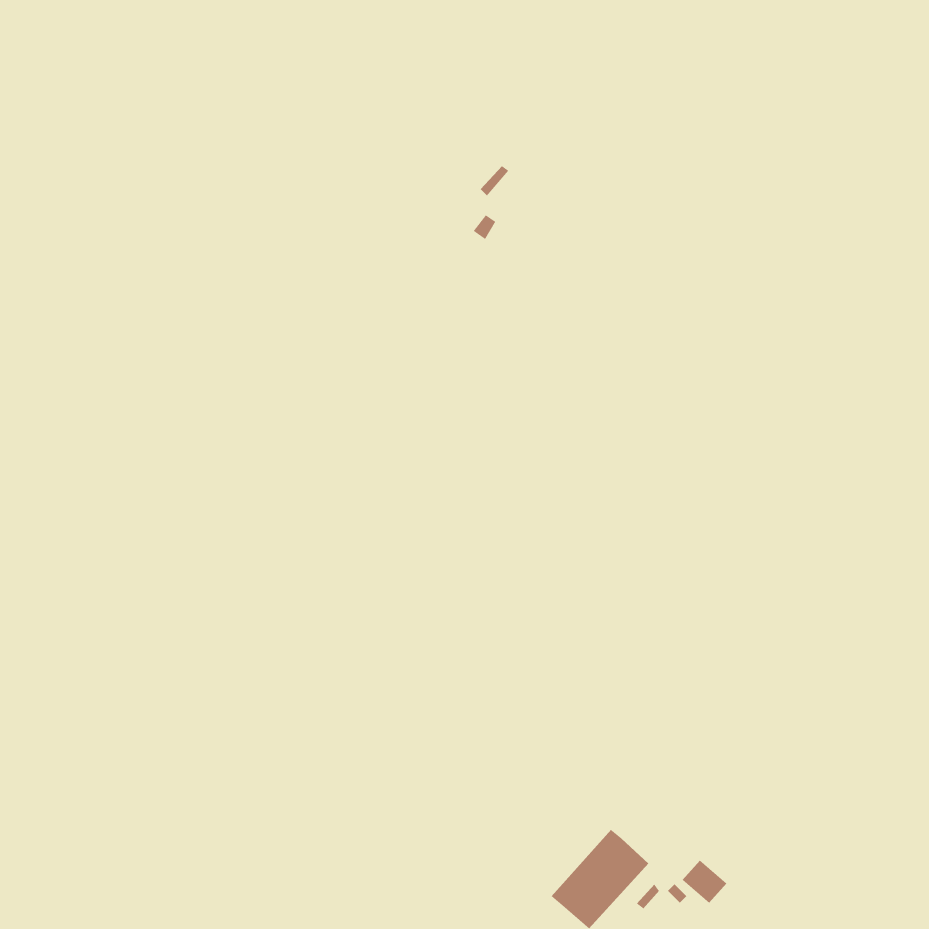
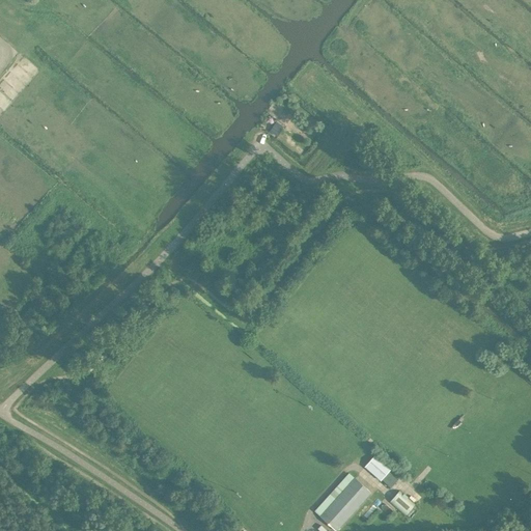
building: none -> [364,455,398,487]

